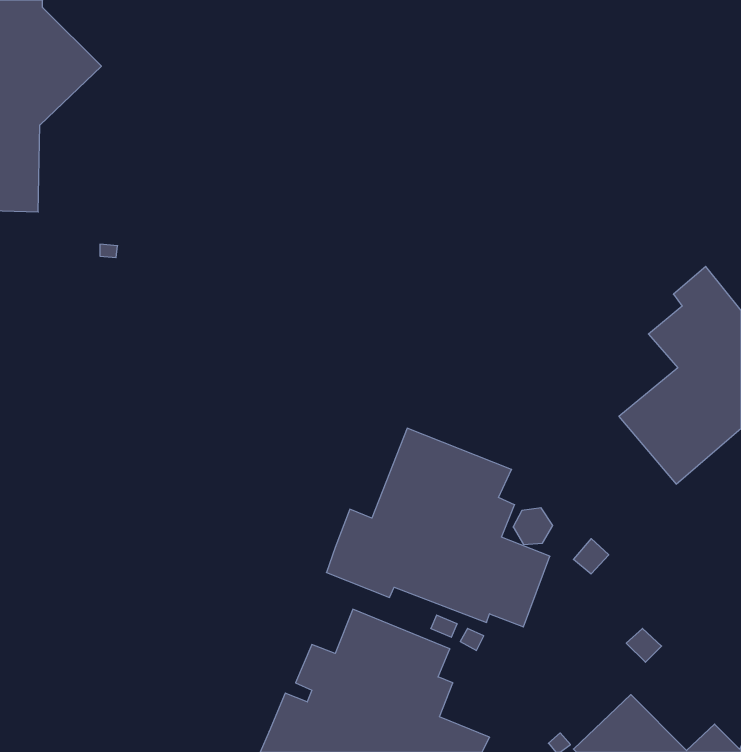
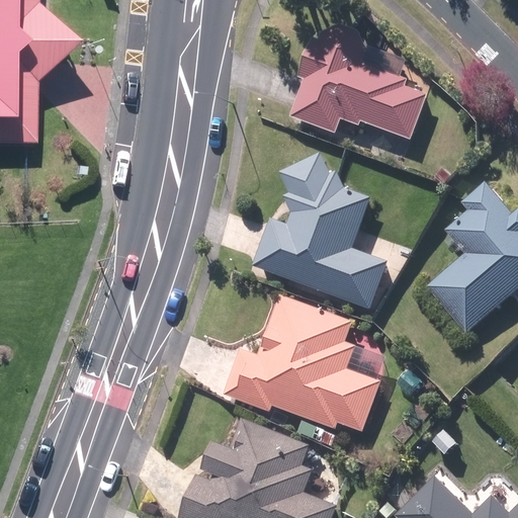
building: none -> [290,23,428,140]
building: none -> [252,154,387,310]

